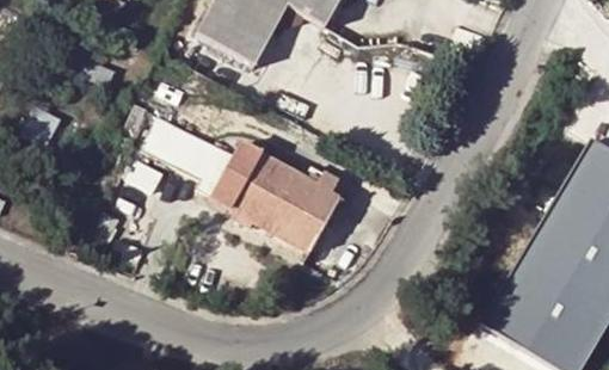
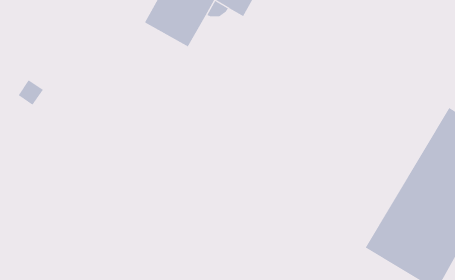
building: [130,110,345,251] -> none

